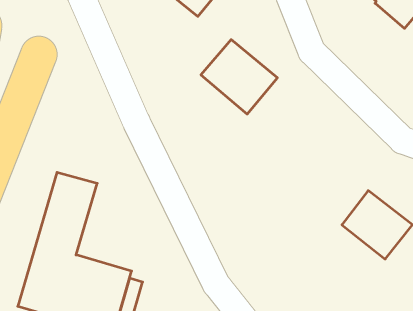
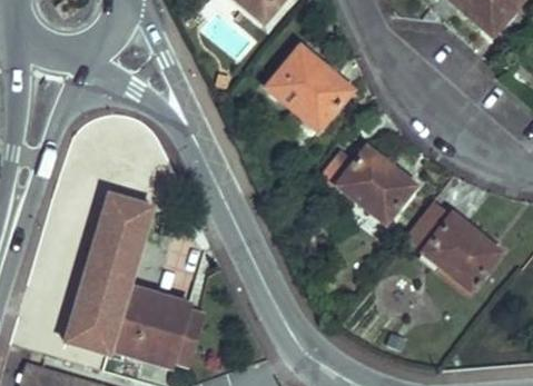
building: none -> [320,148,414,222]
building: none -> [405,200,452,253]

